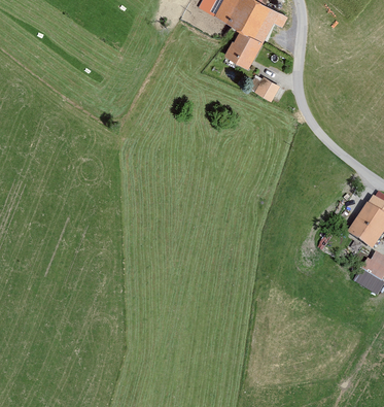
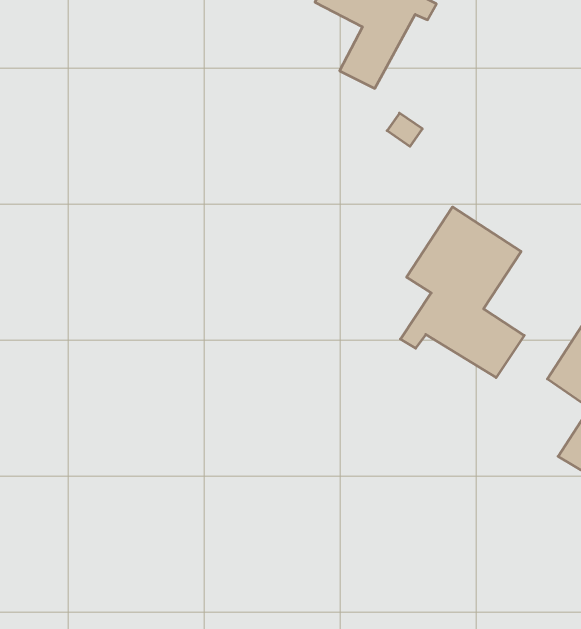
building: none -> [400,207,524,378]

